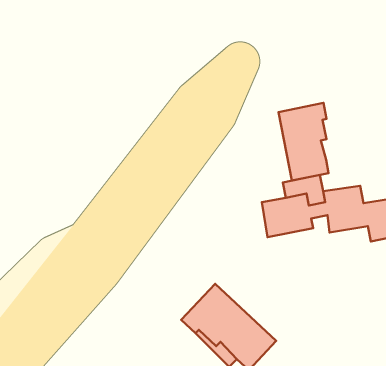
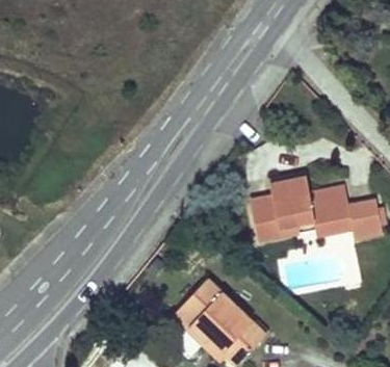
building: [278,103,329,180] -> none

